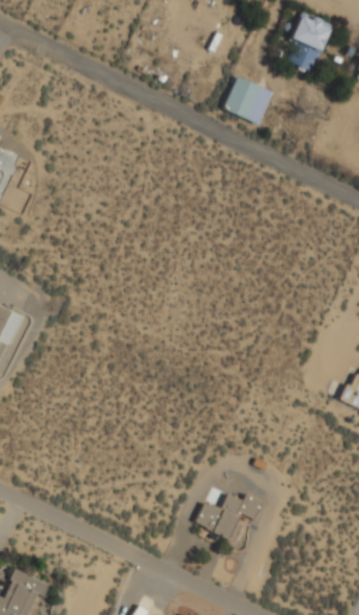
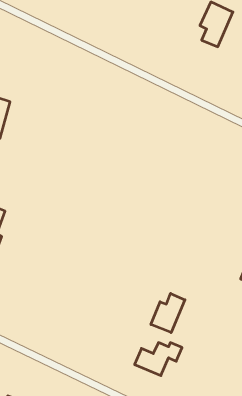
building: [222,76,273,125] -> none
building: none -> [151,293,185,333]

